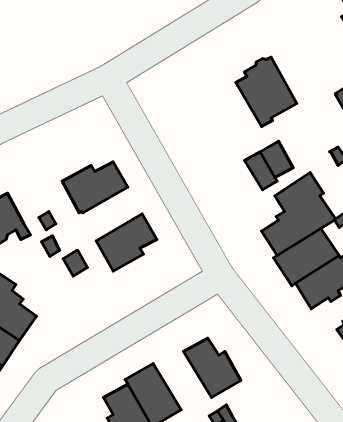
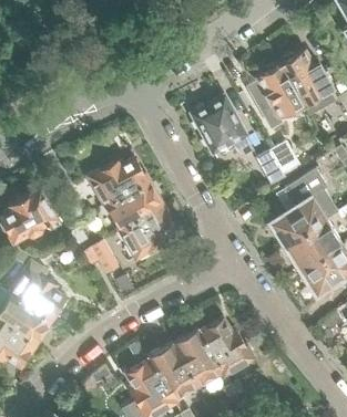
building: none -> [279,50,335,116]
building: none -> [192,97,252,157]
building: none -> [108,183,162,230]
building: none -> [172,329,225,385]

